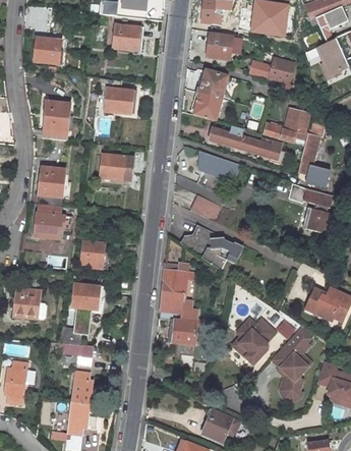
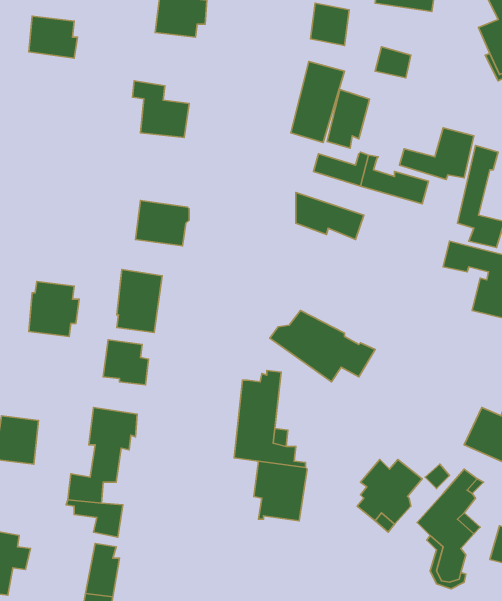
building: [269,55,297,83] -> none
building: none -> [327,90,370,148]
building: [40,103,67,143] -> none
building: [37,169,65,209] -> [117,269,162,332]
building: [191,193,224,221] -> none

